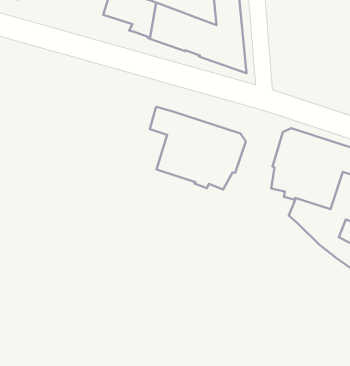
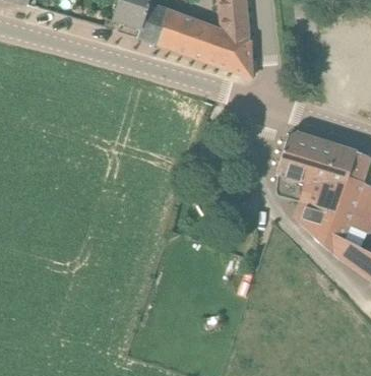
building: [150,107,246,189] -> none

